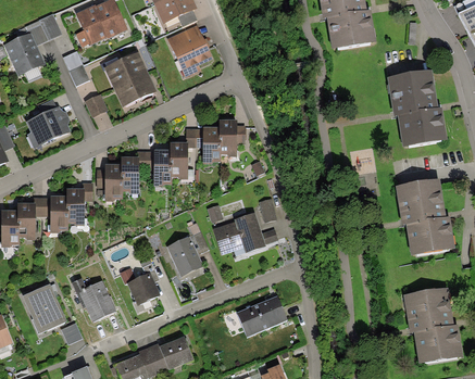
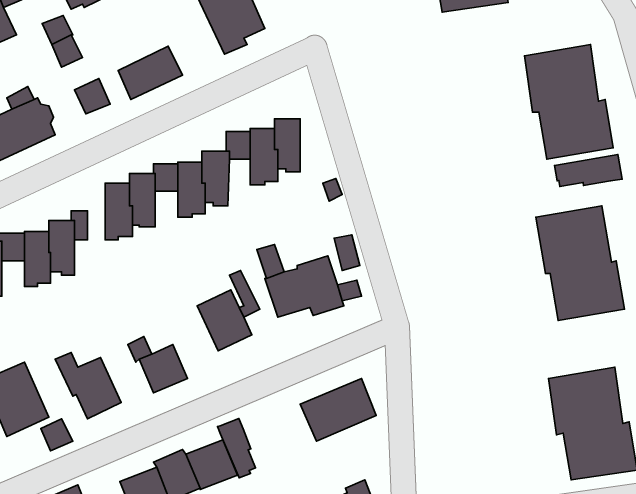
building: [103,52,147,88] -> none
building: none -> [554,155,622,187]
building: none -> [218,418,255,478]

